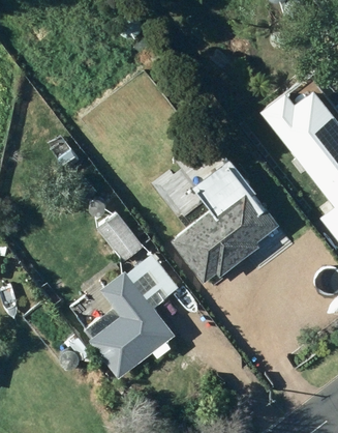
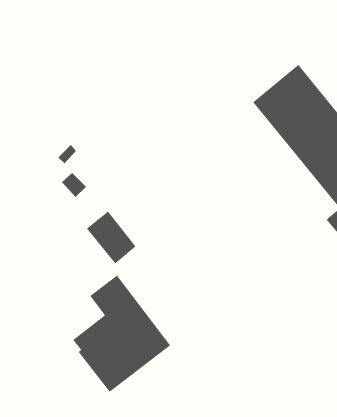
building: [171,161,276,283] -> none

